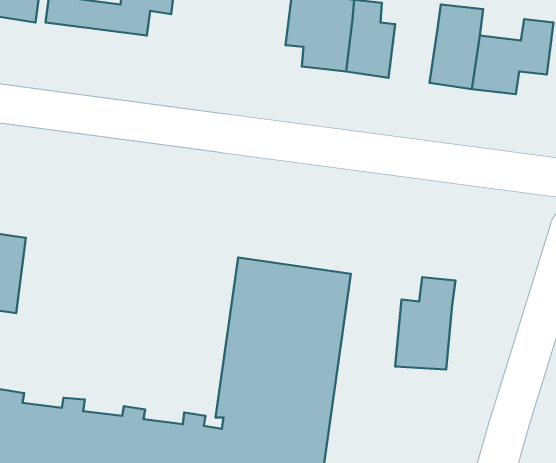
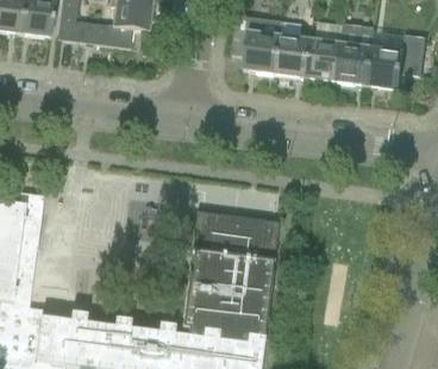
building: none -> [307,40,343,83]
building: [395,277,455,370] -> none

